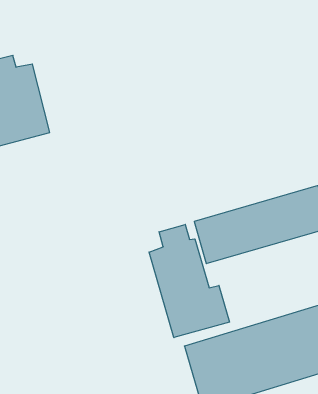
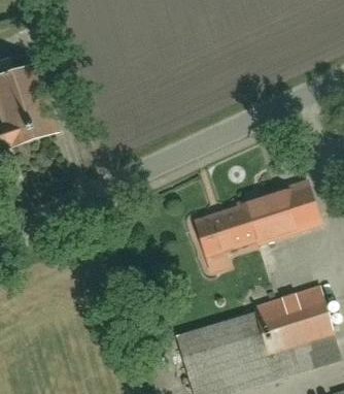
building: [149,224,229,338] -> none

